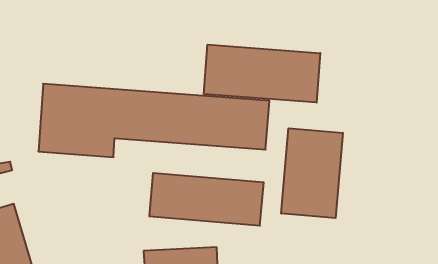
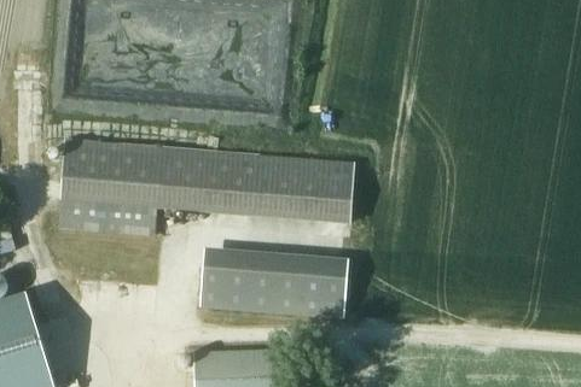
building: [204,45,320,103] -> none
building: [281,128,343,218] -> none

